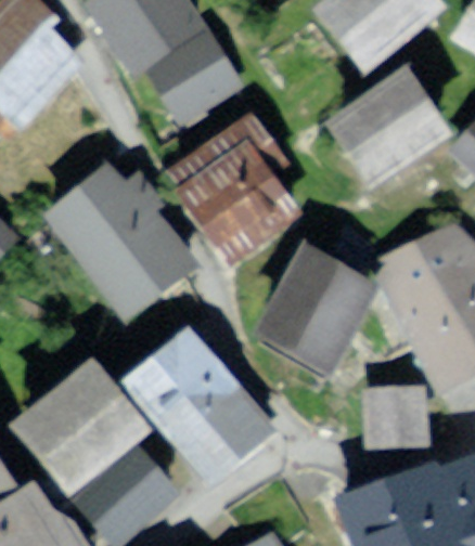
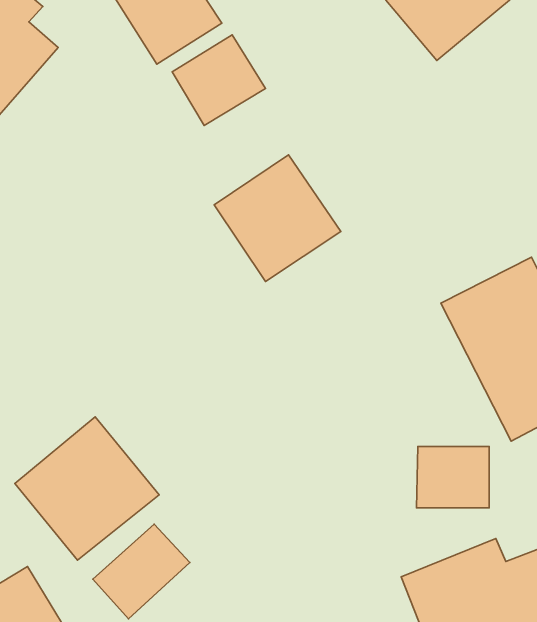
building: [343,77,447,176] -> none
building: [54,171,182,309] -> none
building: [269,250,374,362] -> none
building: [137,331,261,459] -> none

